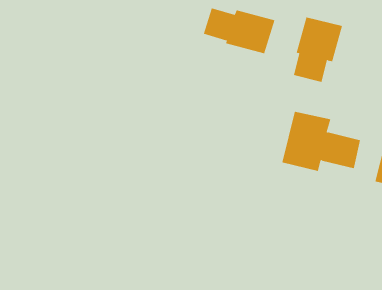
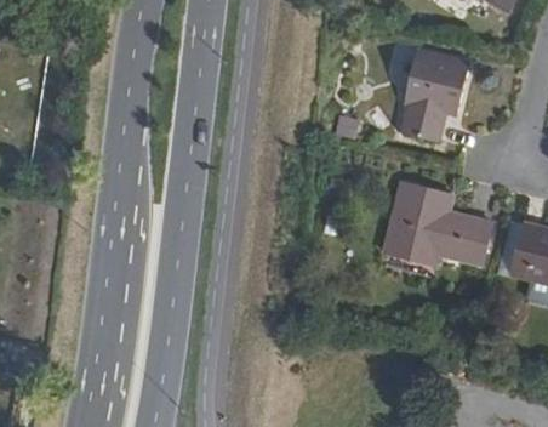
building: [203,7,275,54] -> none

